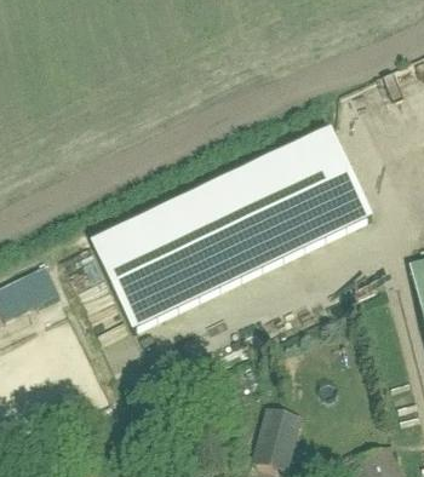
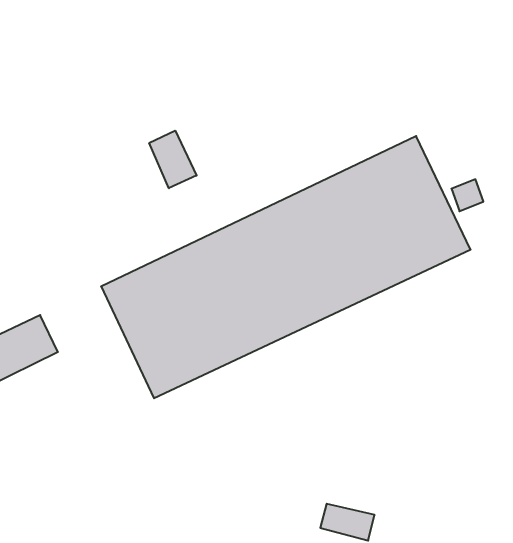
building: none -> [149,131,197,188]

